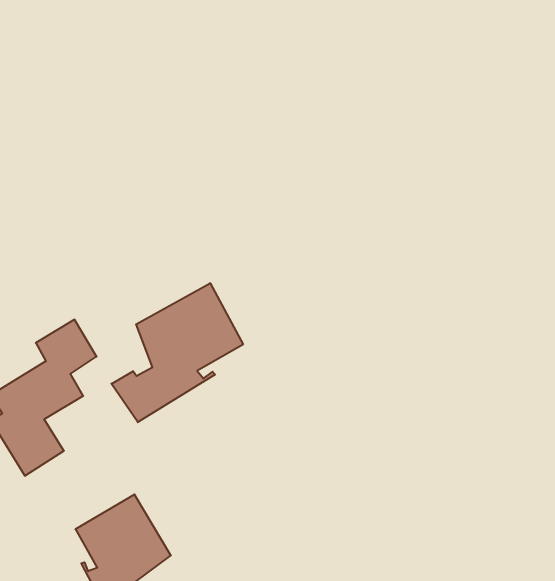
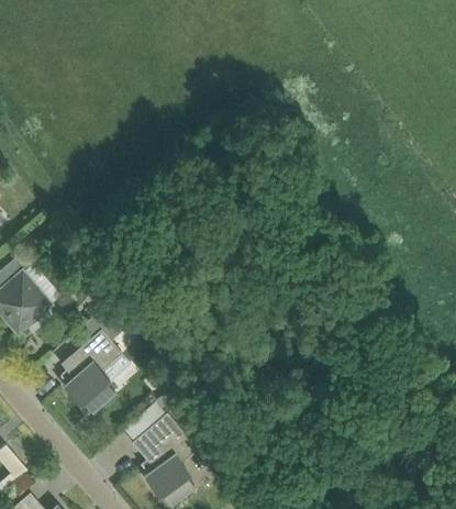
building: [111,283,243,422] -> none

